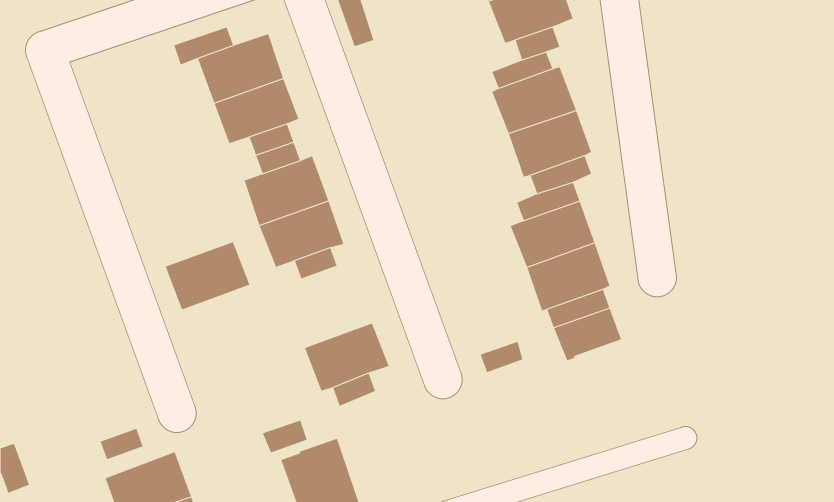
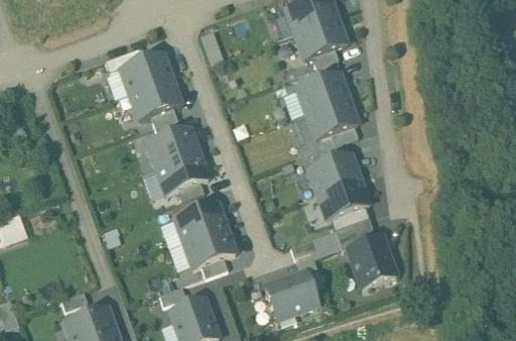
building: [165,241,250,310] -> [173,205,225,246]
building: none -> [347,239,396,292]
building: none -> [264,274,317,324]

